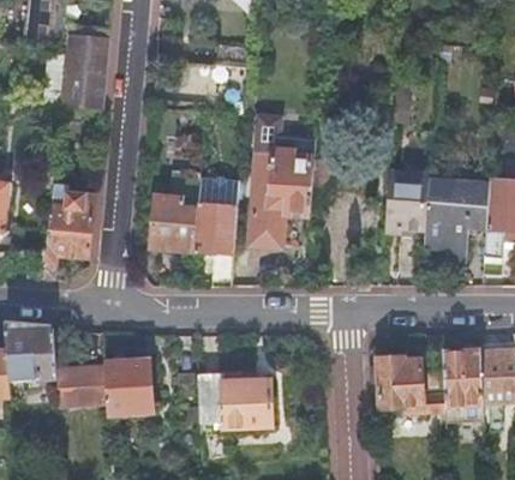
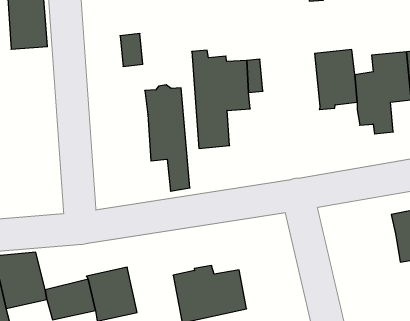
building: [42,182,95,281] -> none
building: [151,194,198,250] -> none
building: [371,355,444,406] -> none

